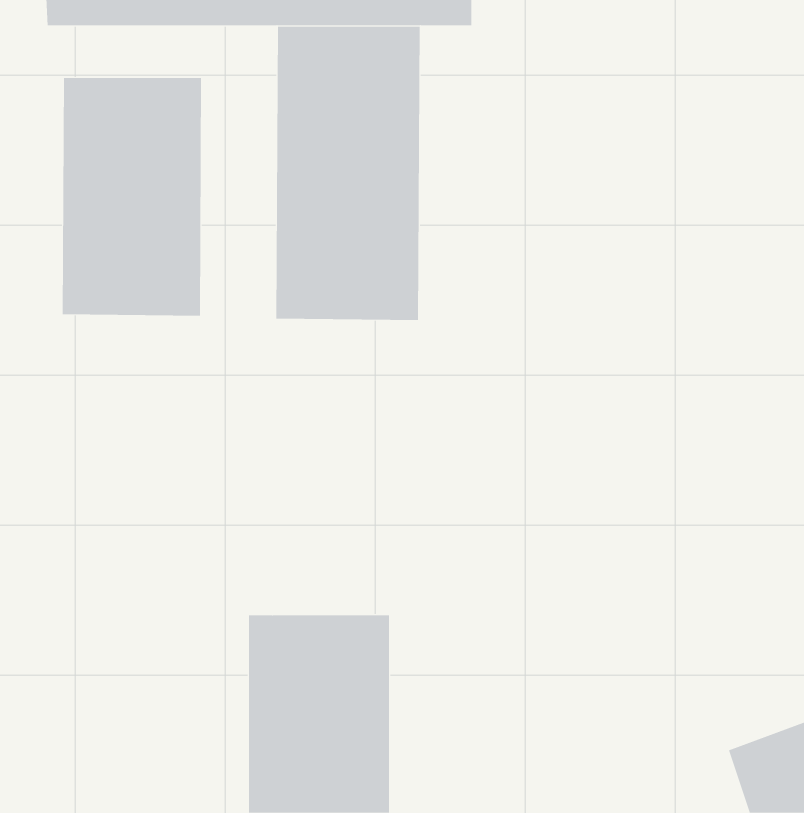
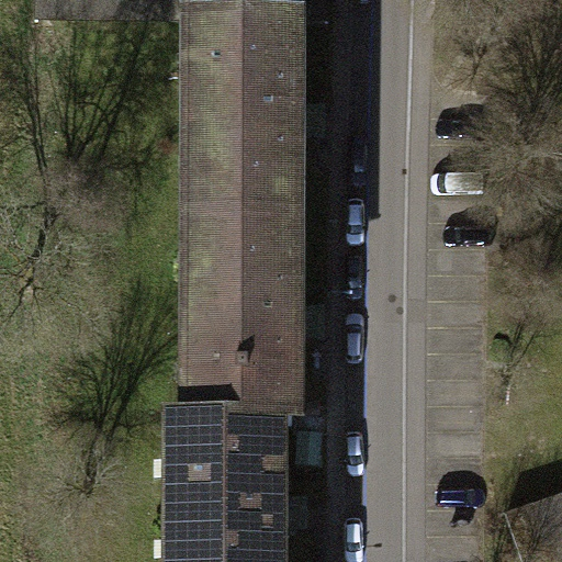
building: [62,77,202,316] -> none
building: none -> [199,217,299,419]

